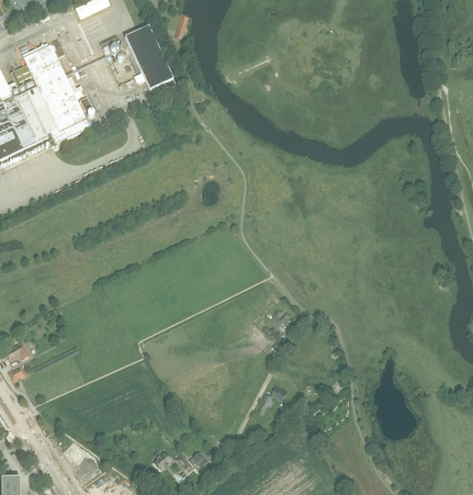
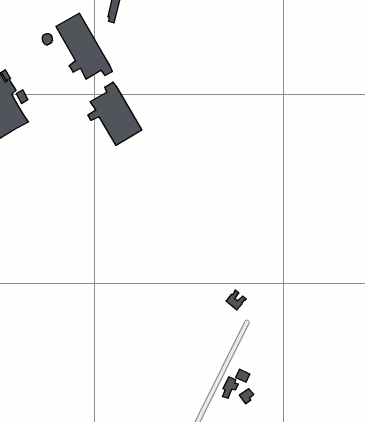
building: none -> [88,82,142,145]

